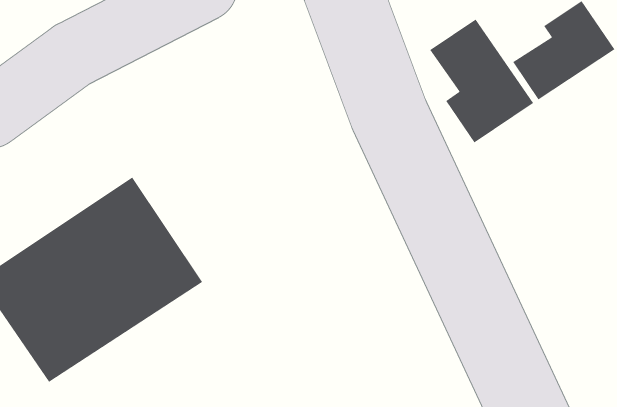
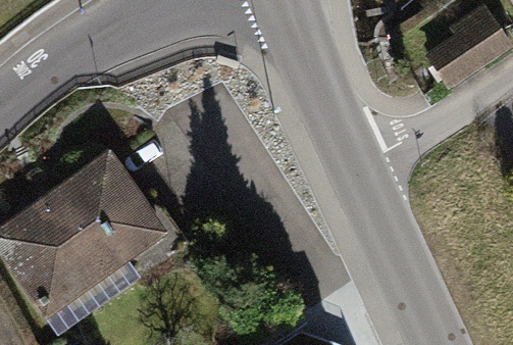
building: [429,19,534,144] -> none

